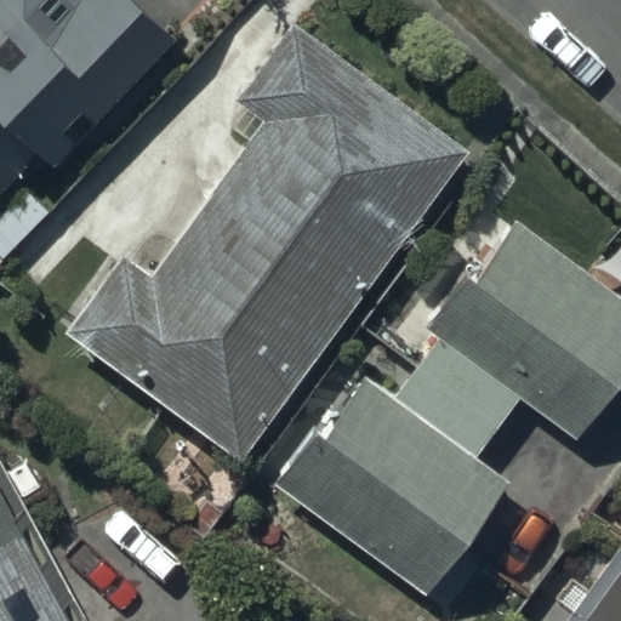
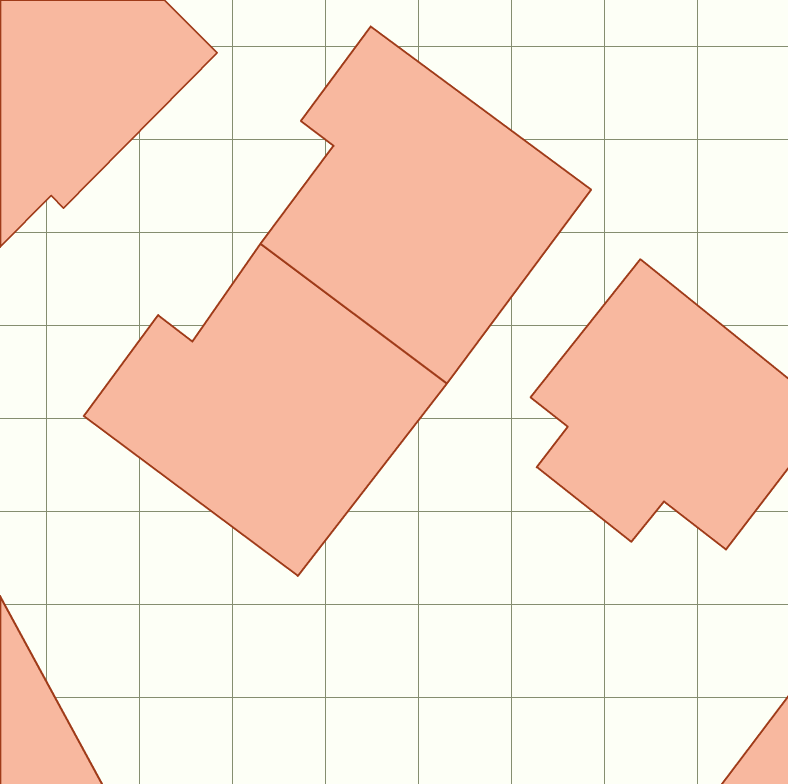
building: [274,372,509,598] -> none

